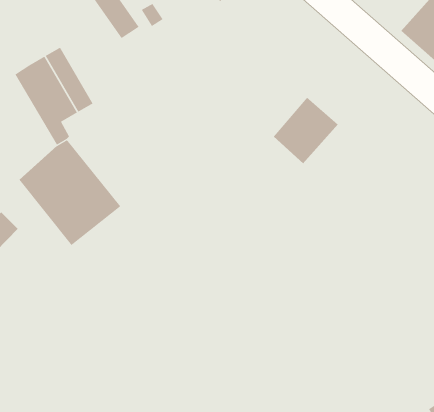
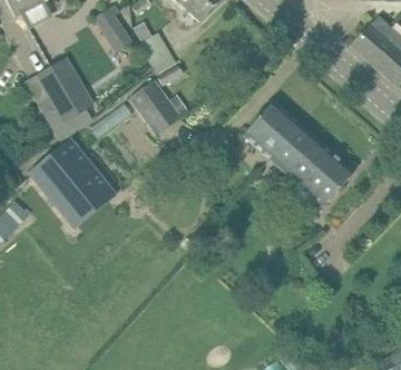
building: none -> [129,79,189,136]
building: none -> [270,124,353,205]

